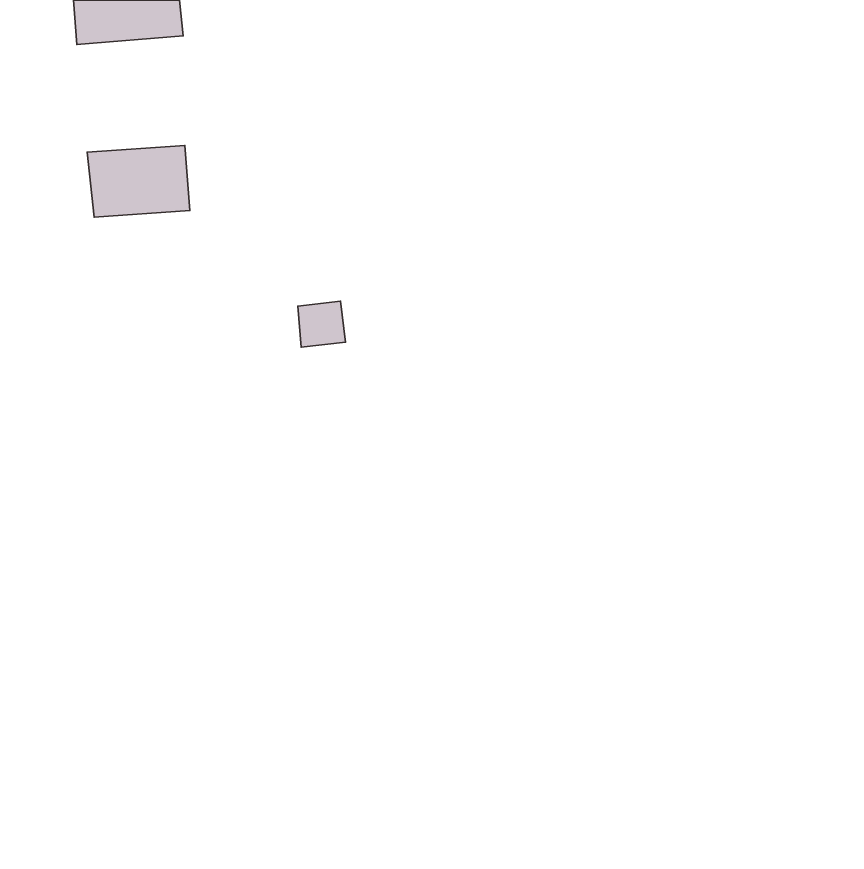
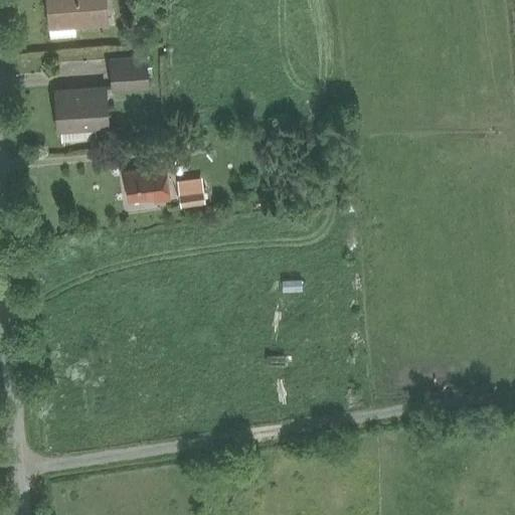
building: none -> [109,58,150,90]
building: none -> [123,167,172,203]

